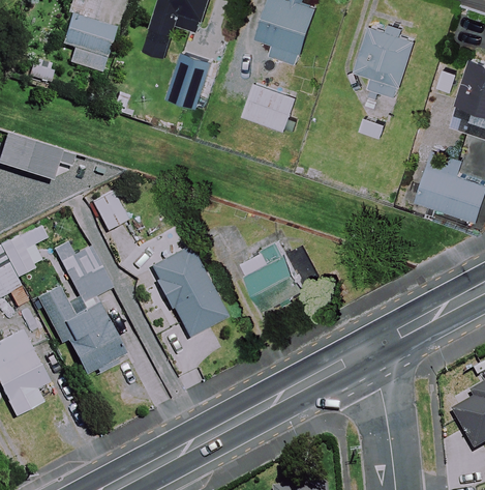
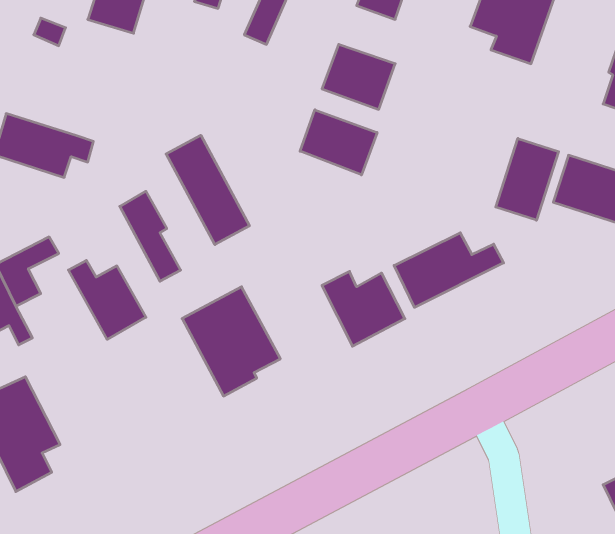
building: none -> [300,110,377,175]
building: none -> [166,135,249,245]
building: none -> [496,138,559,220]
building: none -> [394,233,504,307]
building: [36,286,123,375] -> none

